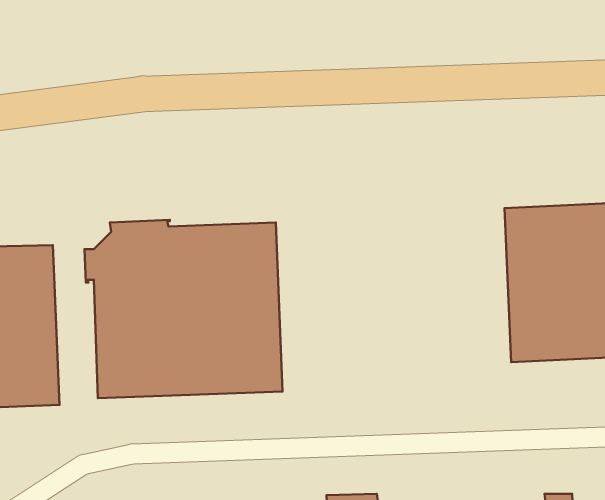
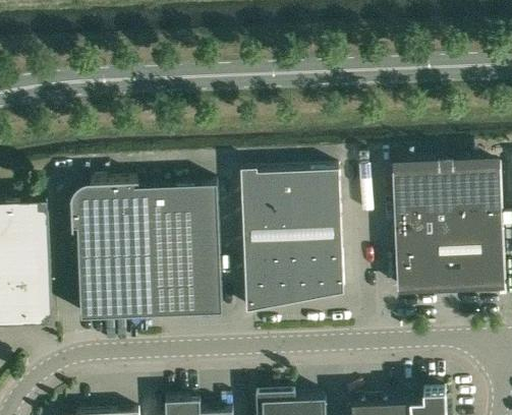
building: none -> [240,170,343,312]

